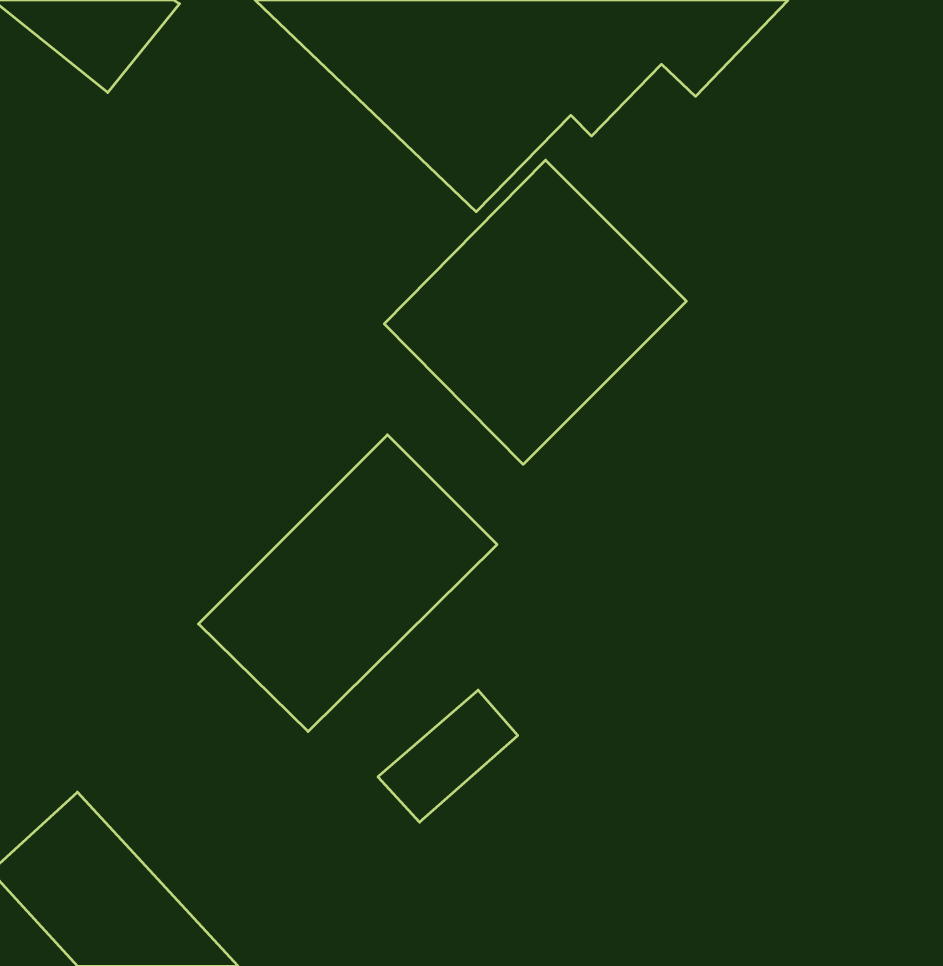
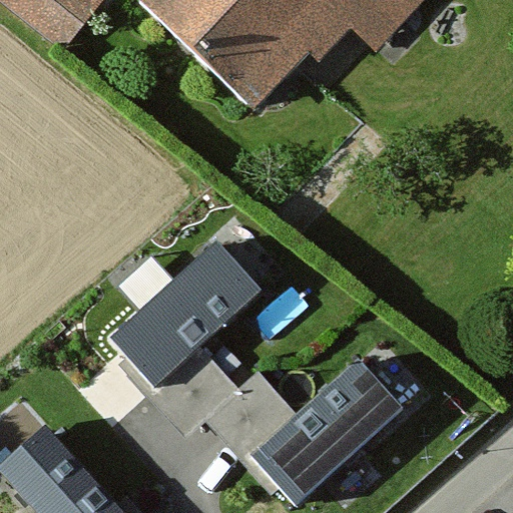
building: [384,160,686,464] -> none
building: none -> [253,355,406,506]

